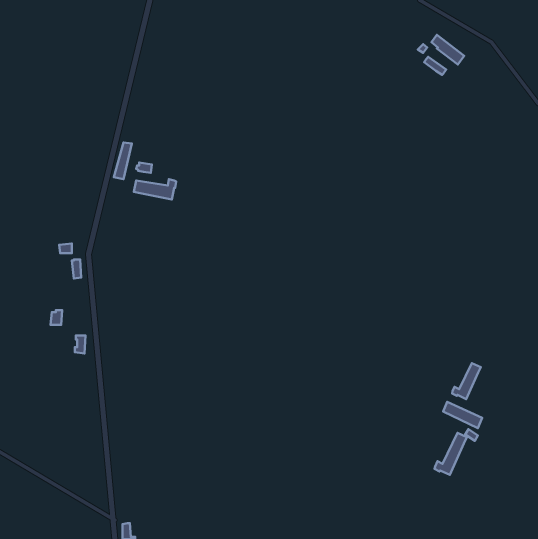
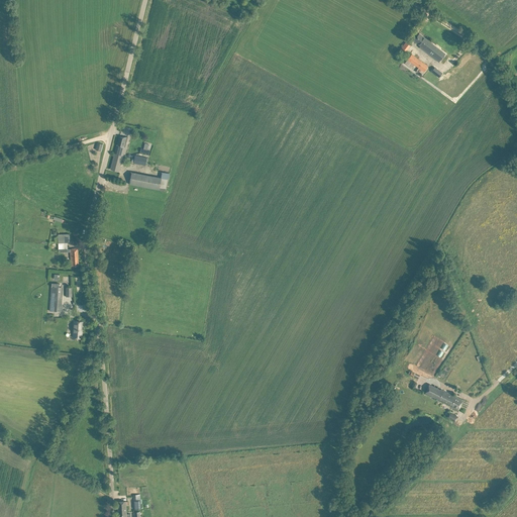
building: [452,363,481,399] -> none
building: [435,433,467,475] -> none

